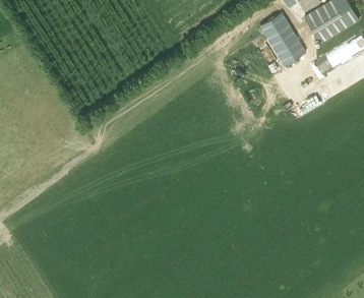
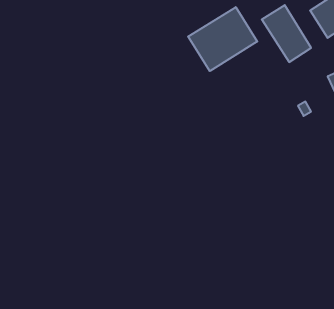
building: none -> [188,7,257,71]

